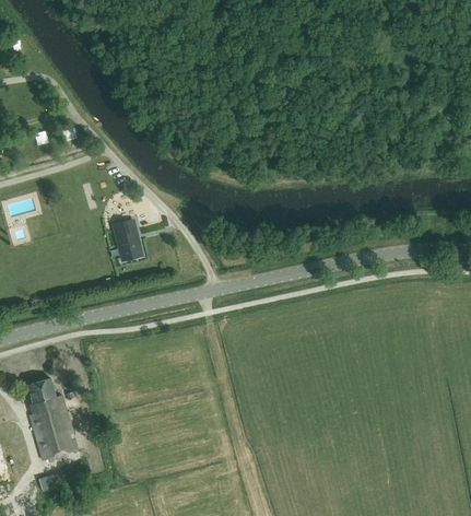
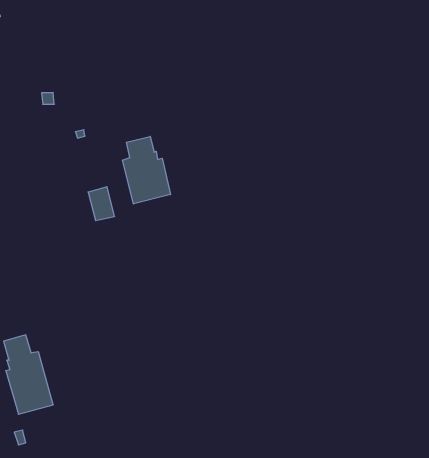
building: none -> [123,136,170,204]

